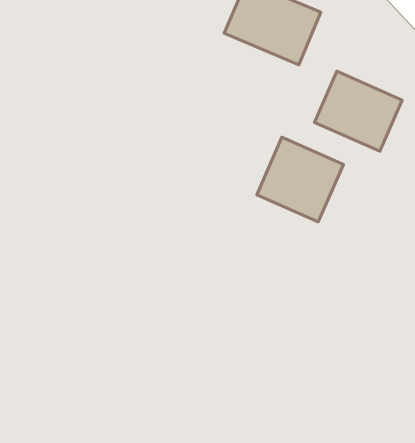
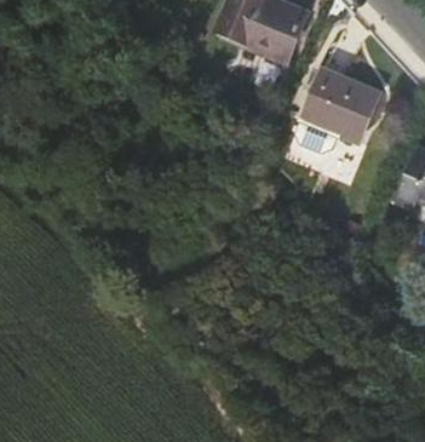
building: [257,137,343,222] -> none

